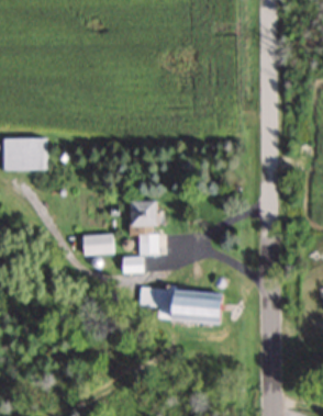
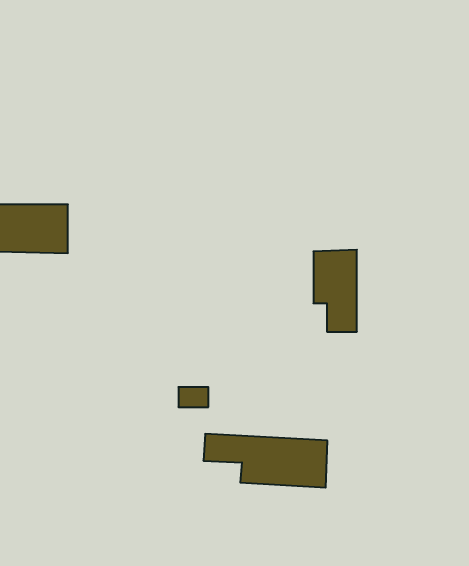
building: [131,200,159,254] -> [313,250,357,332]
building: [83,234,116,254] -> none

